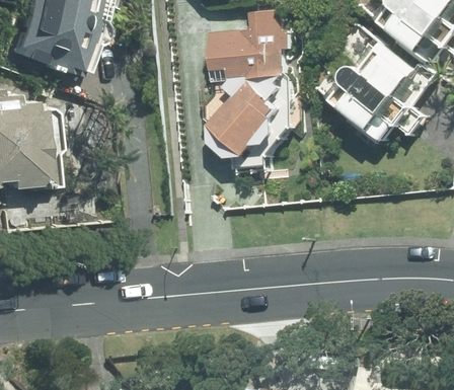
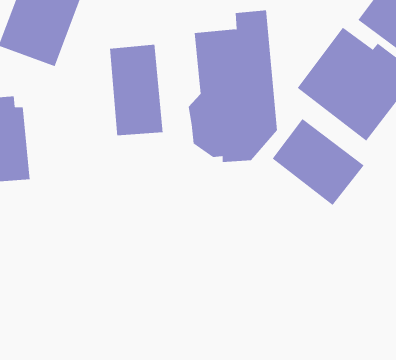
building: none -> [109,44,163,136]
building: none -> [272,118,364,206]

